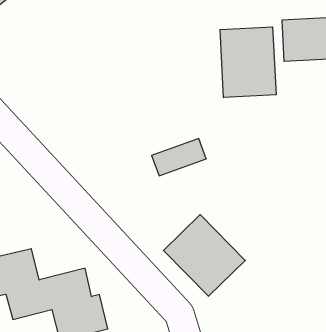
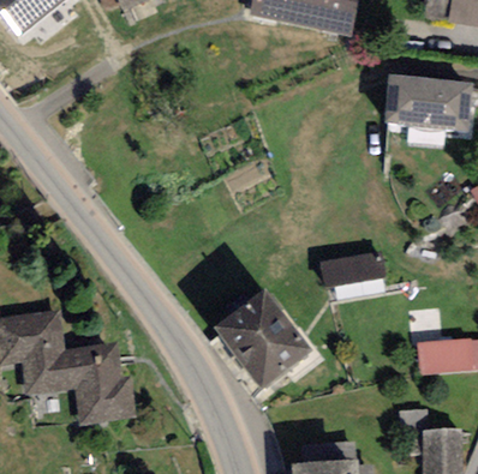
building: [220,27,276,98] -> none
building: [152,139,206,176] -> [321,248,386,287]

